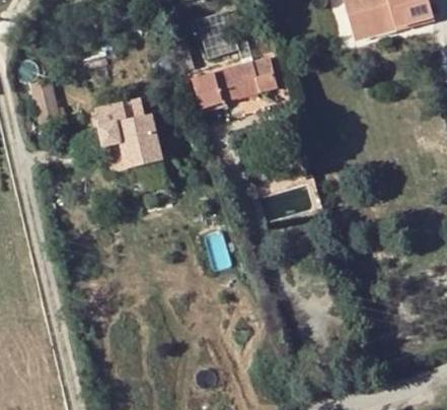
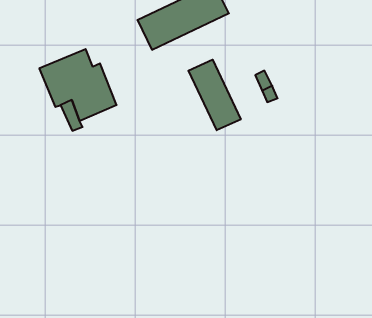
building: none -> [188,60,241,130]

